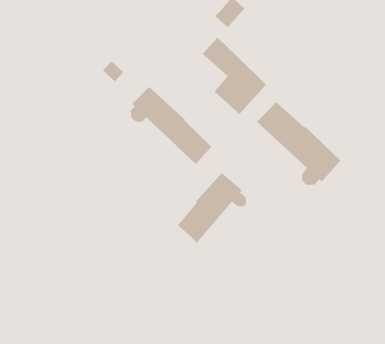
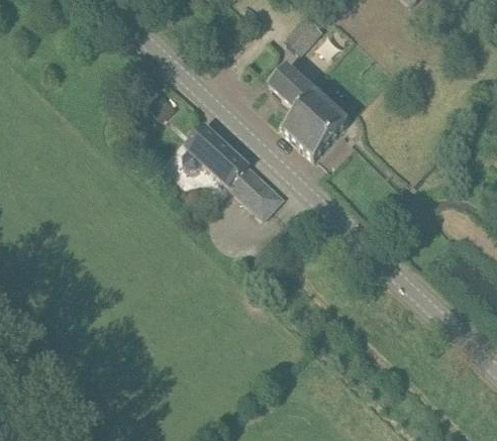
building: [256,101,341,186] -> none
building: [177,172,247,243] -> none

